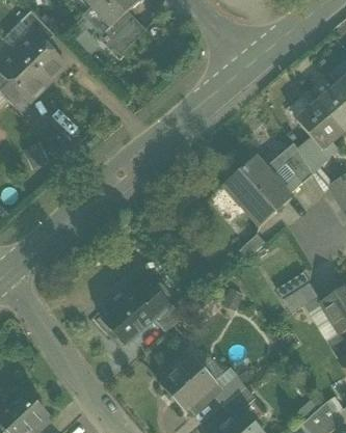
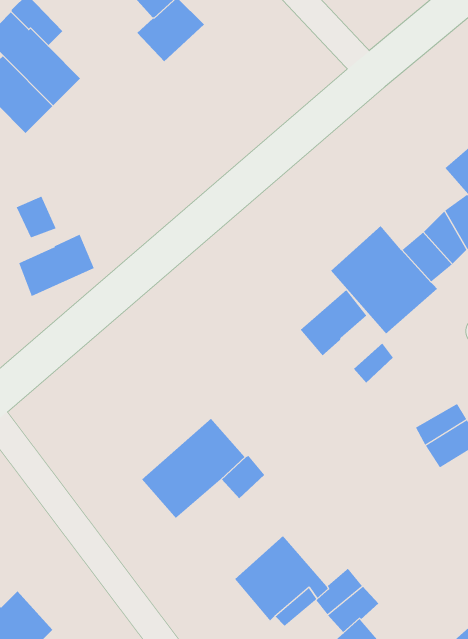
building: none -> [18,234,95,297]
building: none -> [300,289,367,356]

